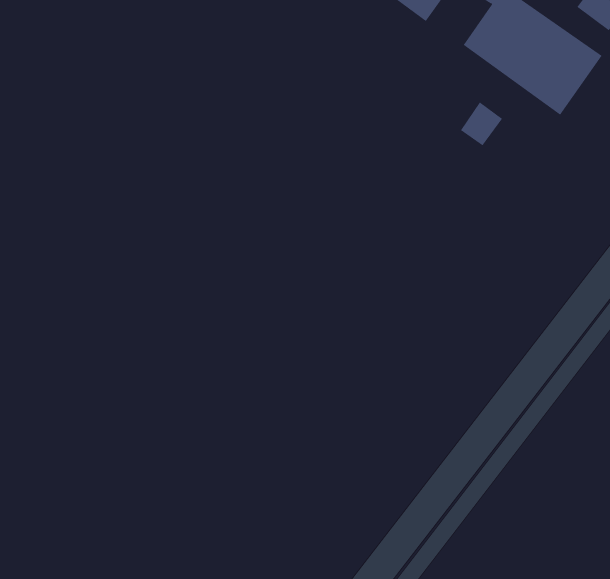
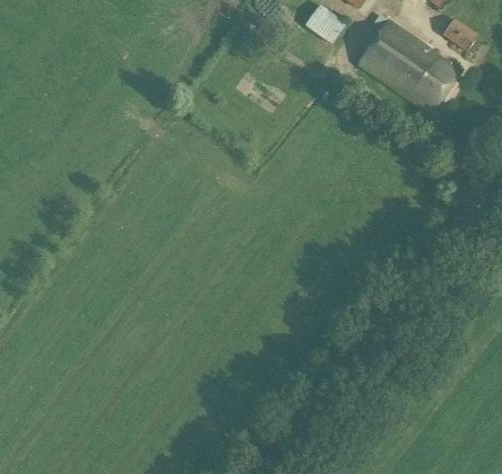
building: [460,101,503,146] -> none

